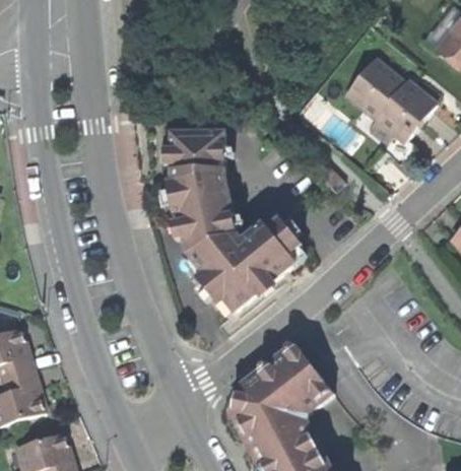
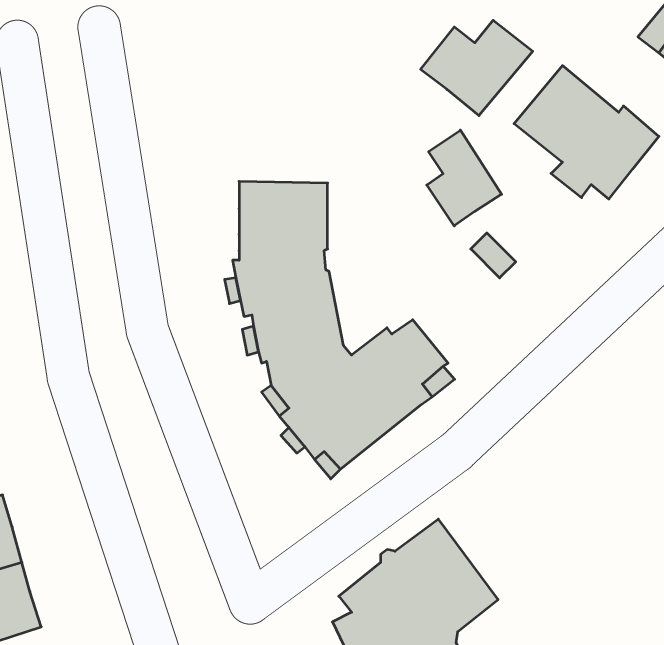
building: none -> [421,20,533,116]
building: none -> [427,130,502,226]

